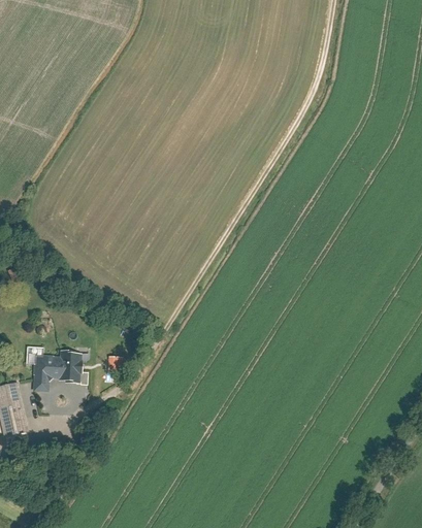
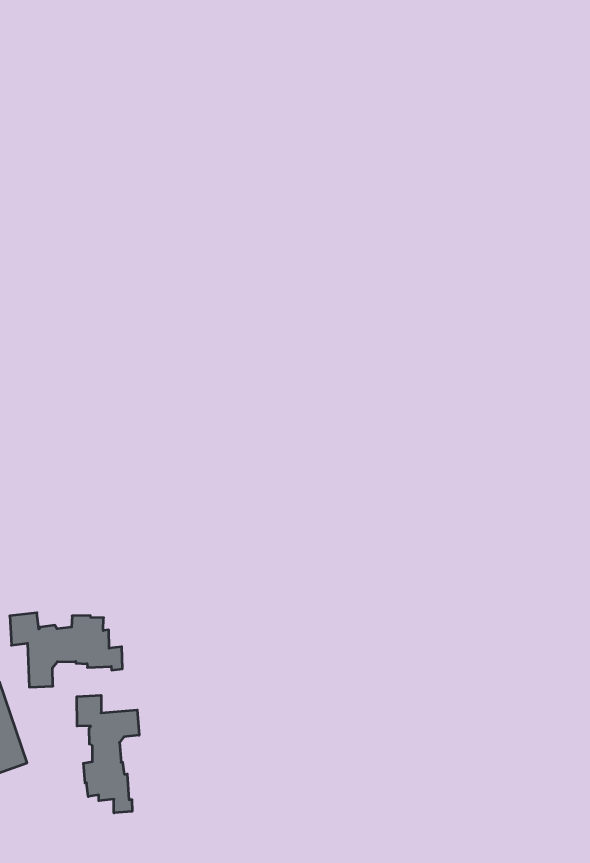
building: none -> [77,695,139,813]

